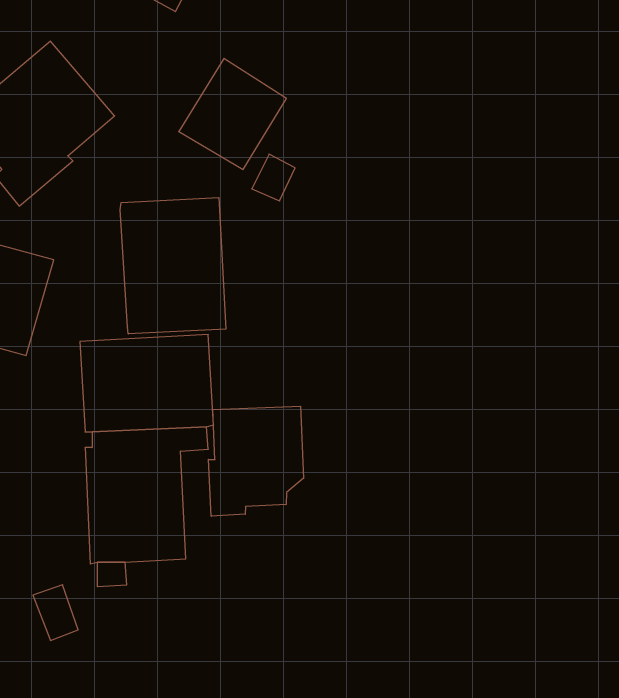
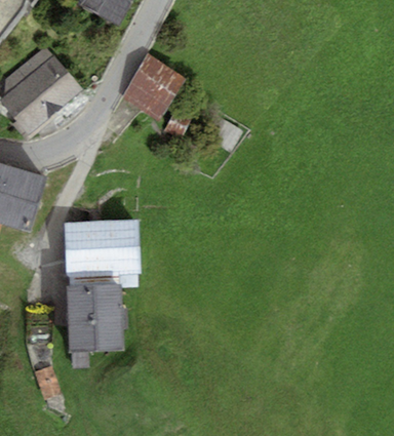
building: [120,198,226,334] -> none
building: [208,406,304,516] -> none

